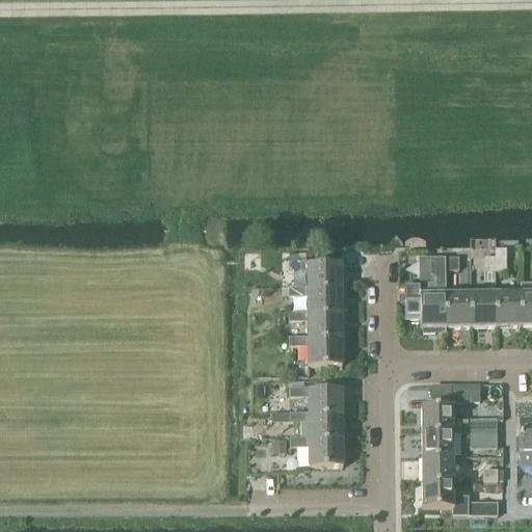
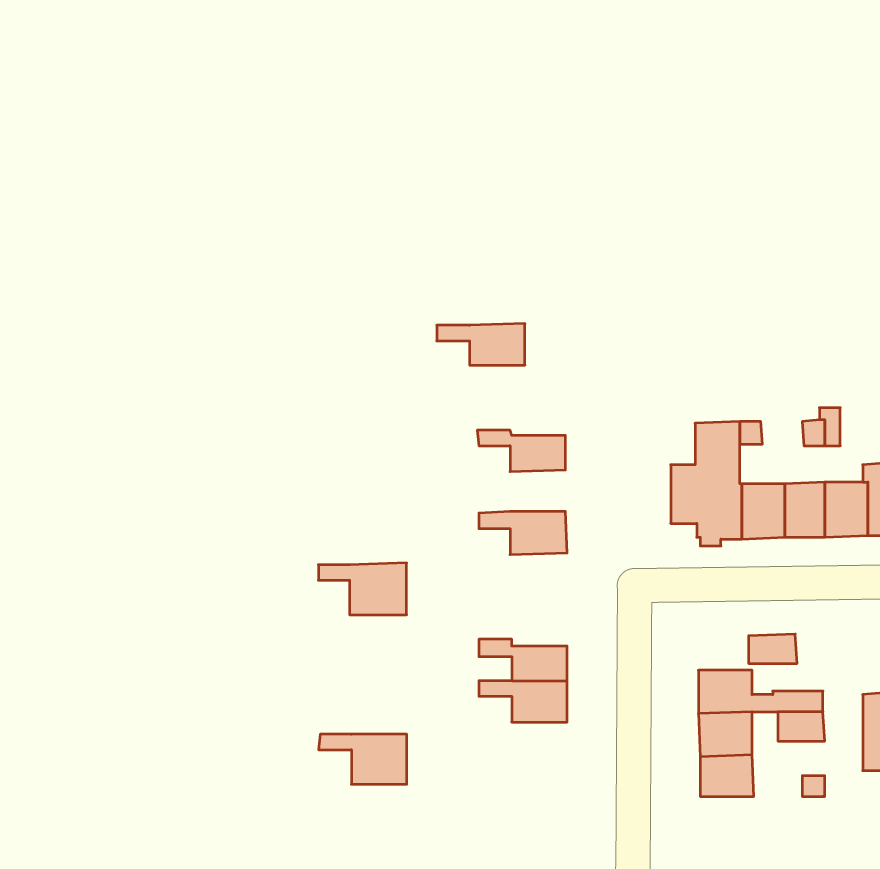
building: [289,283,342,308] -> [437,324,525,365]
building: [290,332,343,364] -> [318,563,407,615]
building: [290,434,343,464] -> [319,734,407,784]
building: [423,479,500,512] -> none

